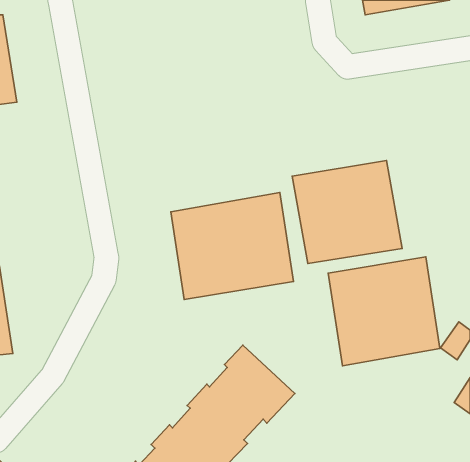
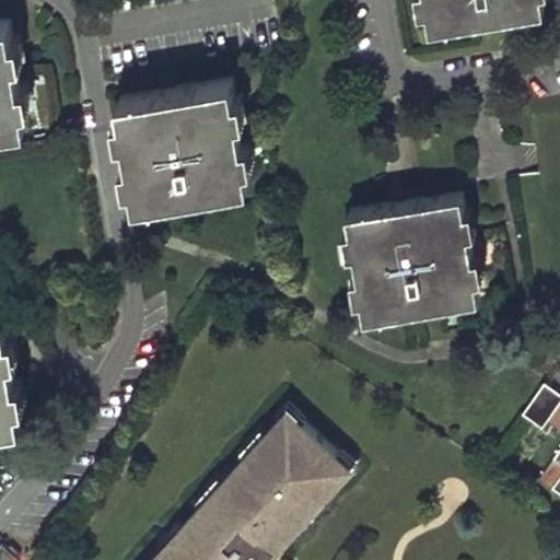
building: none -> [114,91,242,211]
building: [171,193,293,300] -> none
building: [328,257,440,366] -> none

